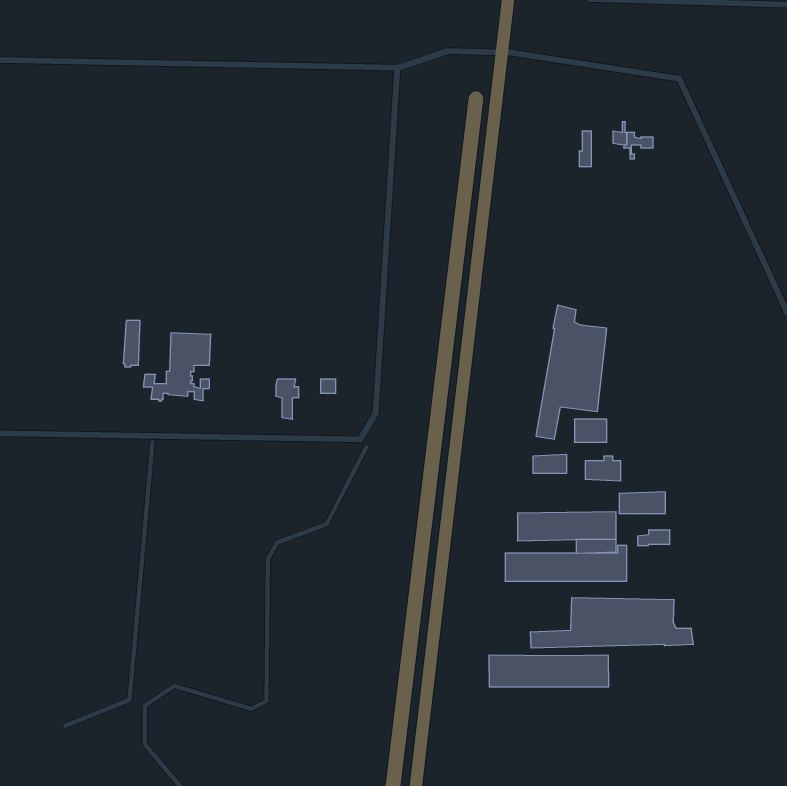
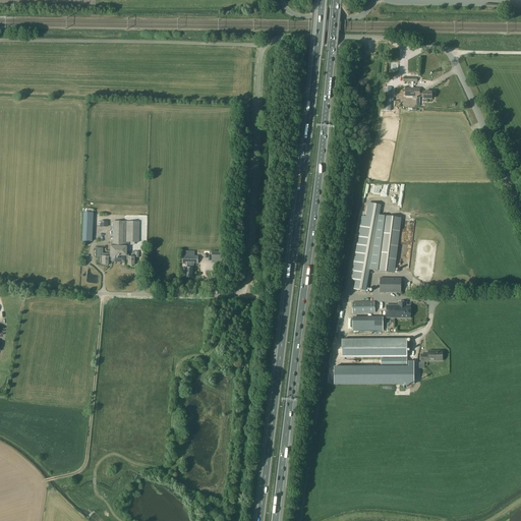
building: [619,492,665,513] -> [352,315,383,330]
building: [531,598,693,648] -> none
building: [489,655,609,687] -> none

